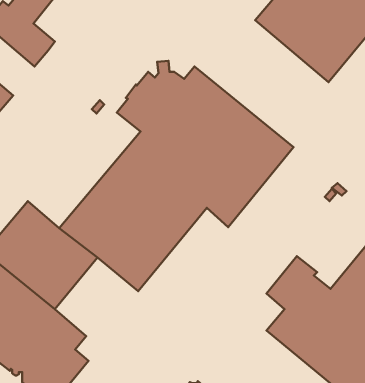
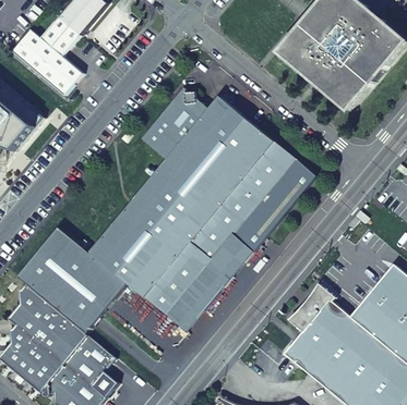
building: none -> [164,234,251,332]

